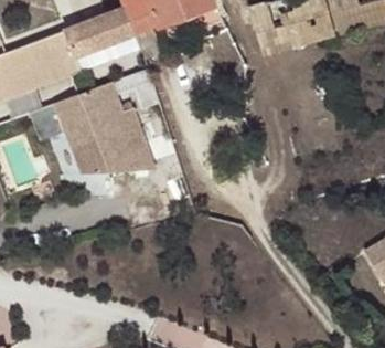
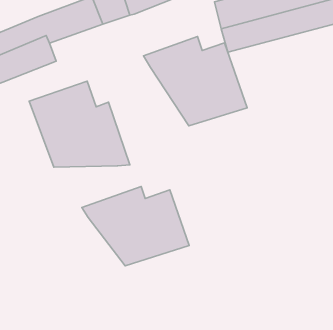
building: none -> [144,37,247,126]
building: none -> [82,187,189,266]

